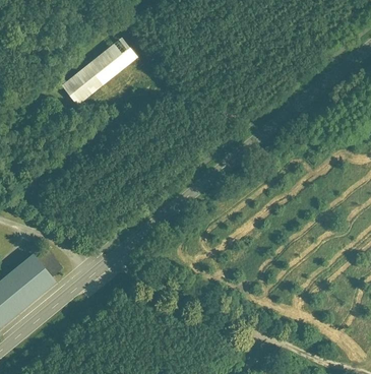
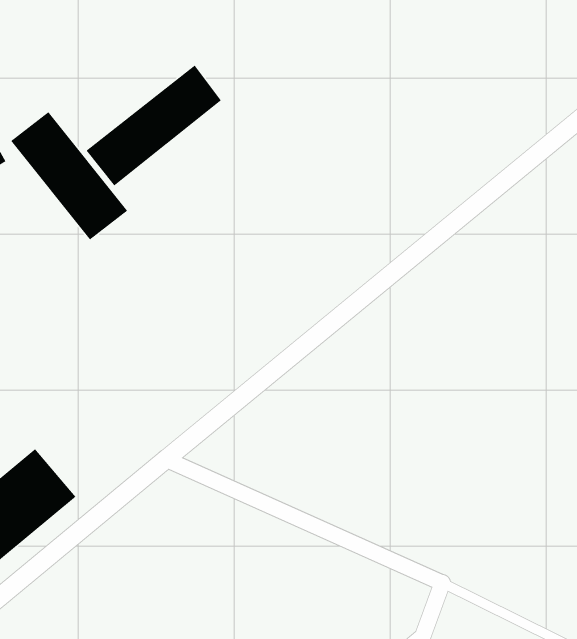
building: none -> [10,111,128,241]

